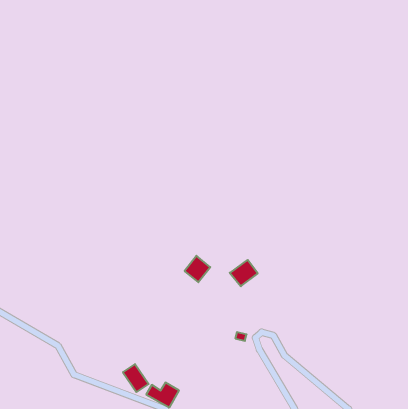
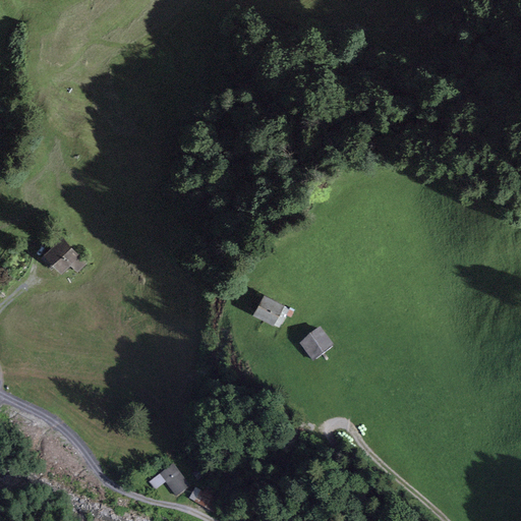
building: none -> [48,239,83,275]
building: [185,256,210,282] -> [257,295,290,329]

